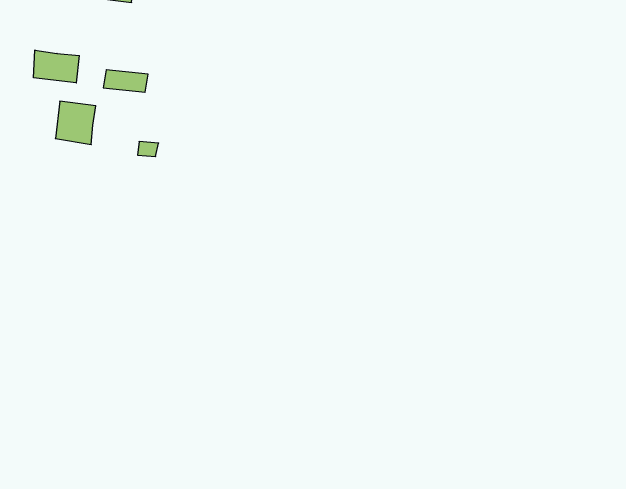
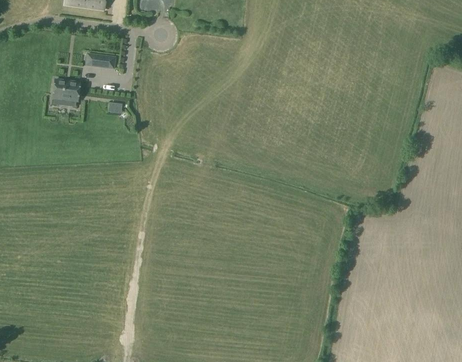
building: [34,50,79,83] -> none

